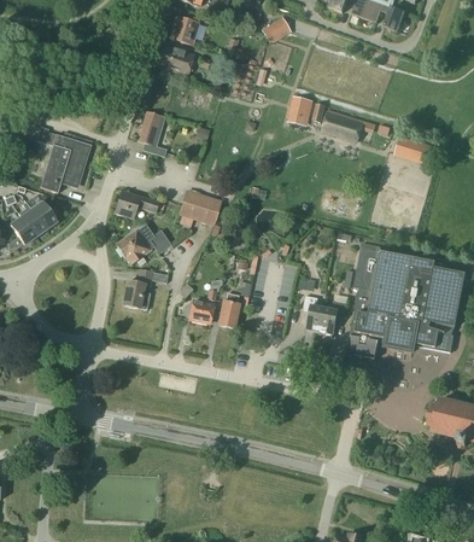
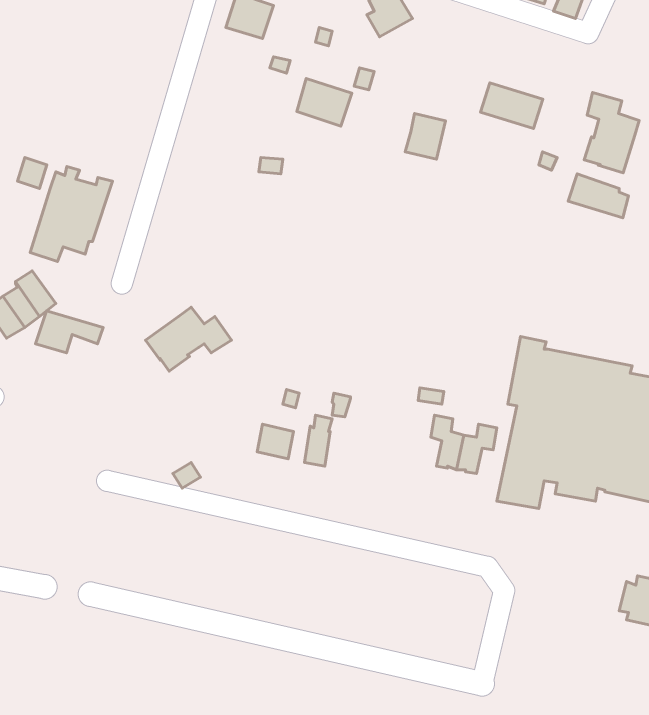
building: [158,46,194,77] -> [297,79,352,126]
building: none -> [584,93,639,173]
building: [322,110,363,140] -> [481,83,543,129]
building: [136,112,172,156] -> none
building: [113,191,158,218] -> [35,311,103,353]
building: [177,191,221,227] -> none
building: [122,269,166,310] -> none

